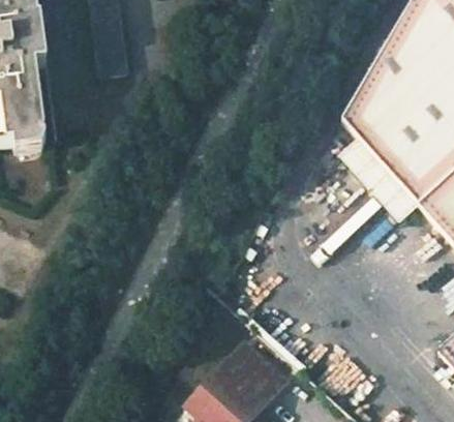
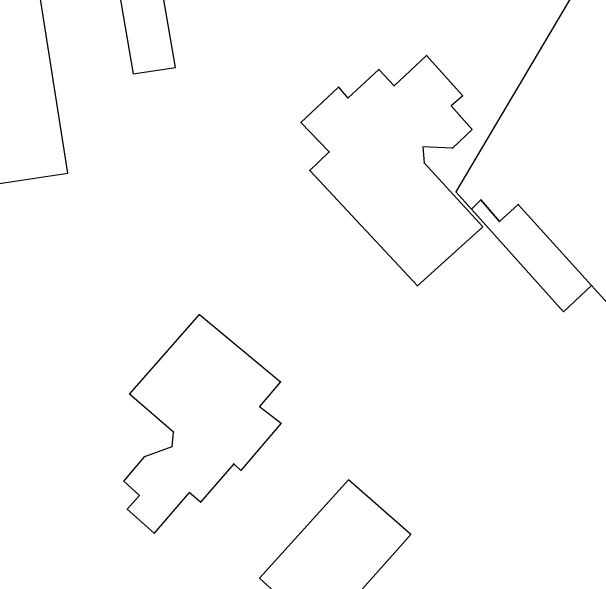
building: none -> [301,55,483,286]
building: none -> [124,315,281,533]

